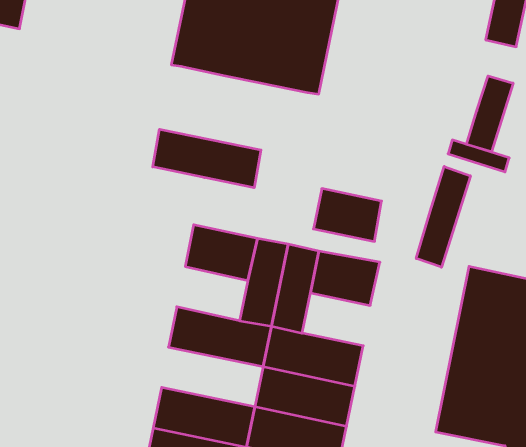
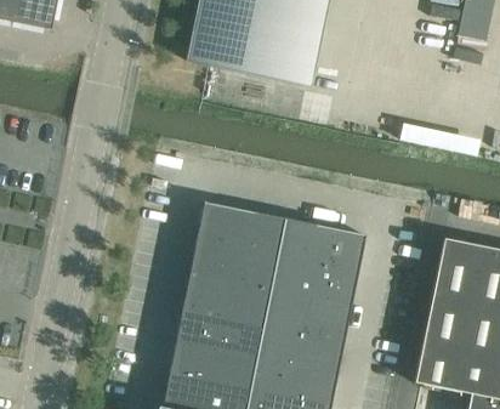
building: [466,76,513,152] -> none
building: [153,129,261,188] -> none
building: [416,166,470,267] -> none
building: [313,189,382,241] -> [297,261,357,307]
building: none -> [188,238,250,285]
building: none -> [175,308,263,360]

